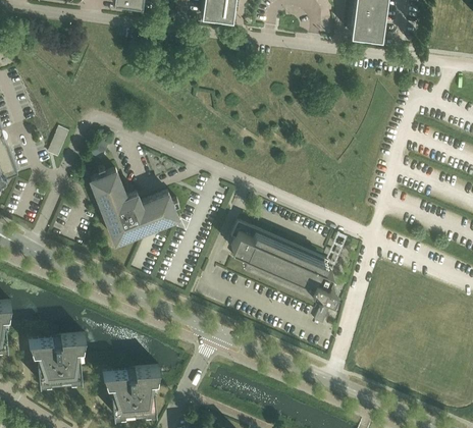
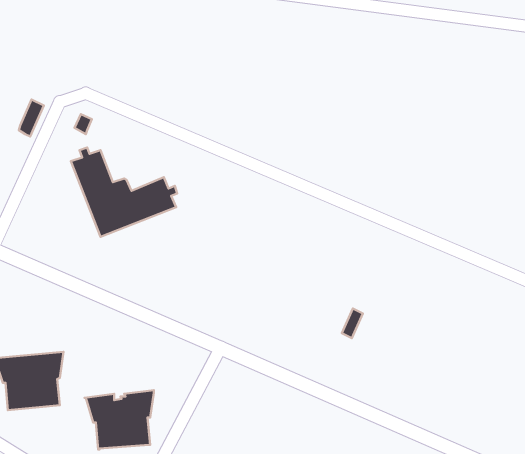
building: [230,221,335,296] -> none

